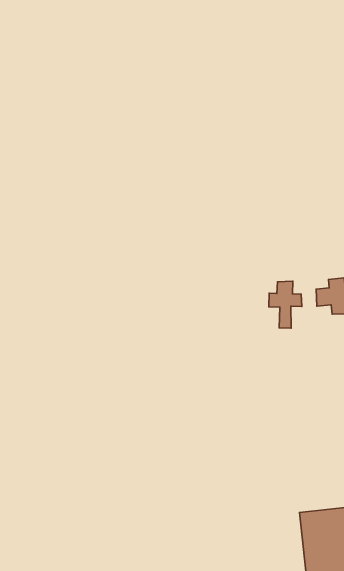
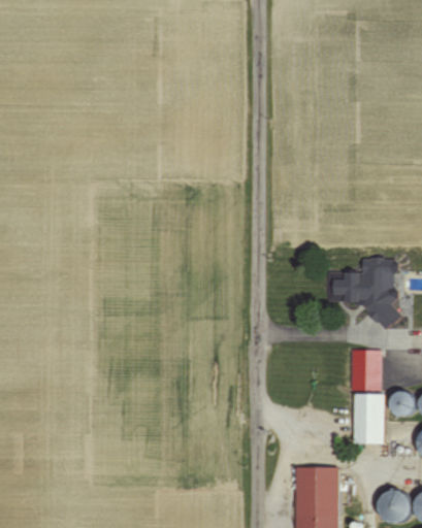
building: [269,281,302,328] -> none

